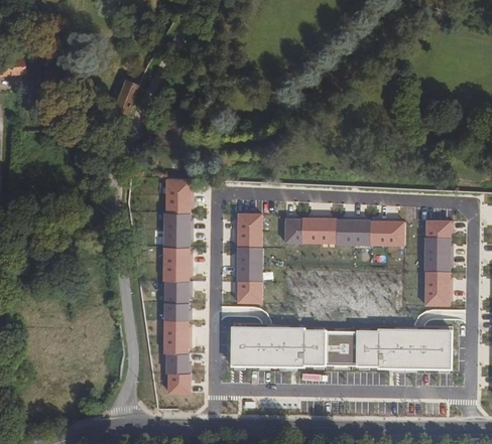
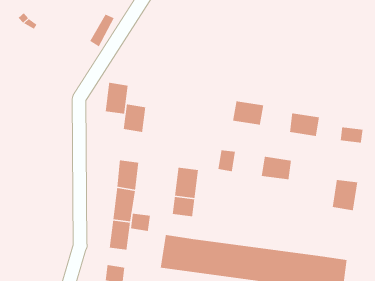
building: [166,209,191,246] -> [105,82,129,115]
building: [237,212,262,246] -> none
building: [302,218,338,245] -> [232,100,264,126]
building: [426,219,453,237] -> [340,127,363,144]
building: [371,220,405,246] -> [289,112,320,137]
building: [425,271,452,304] -> none
building: [167,352,190,373] -> [130,213,151,232]

